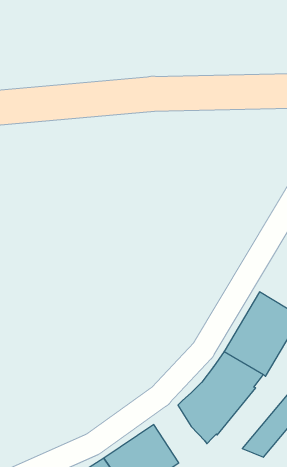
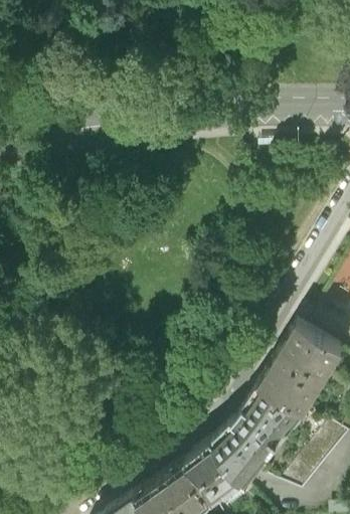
building: none -> [188,441,241,501]

